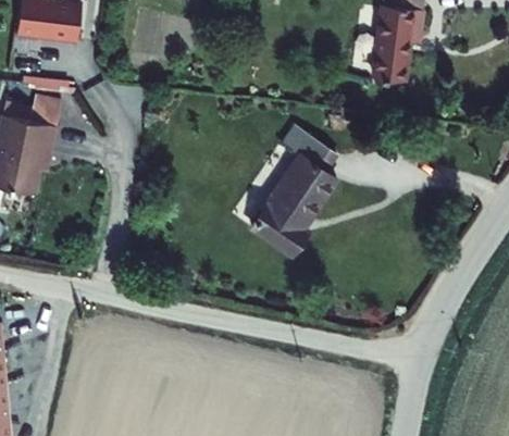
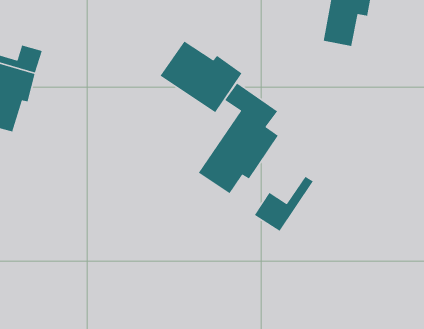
building: none -> [159,41,242,113]
building: none -> [254,176,314,232]

